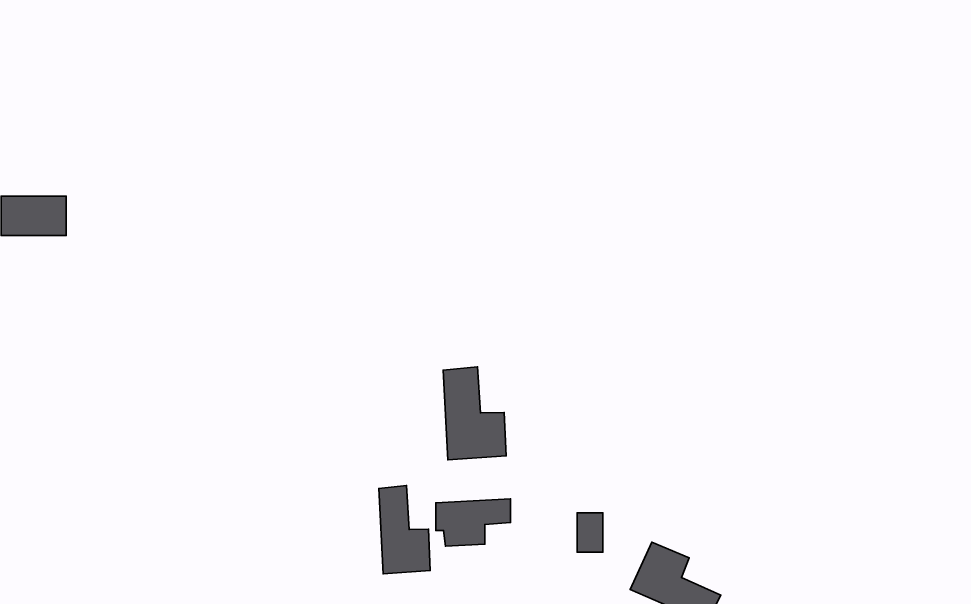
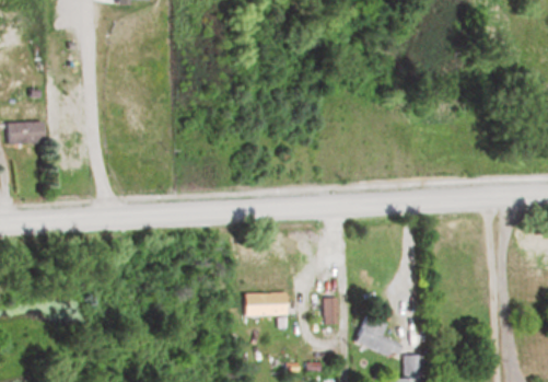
building: [443,367,506,460] -> none
building: [379,485,430,574] -> none

